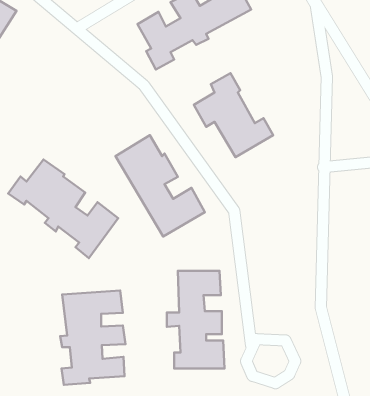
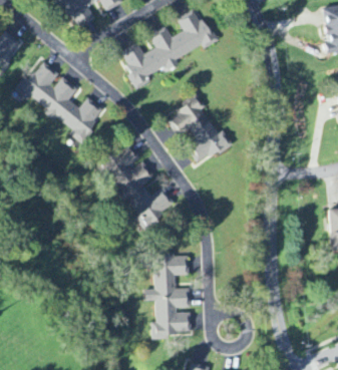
building: [8,159,118,258] -> [14,61,104,142]
building: [60,290,125,385] -> none

